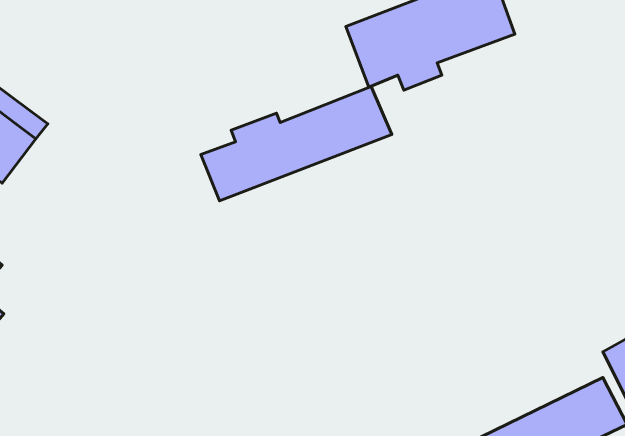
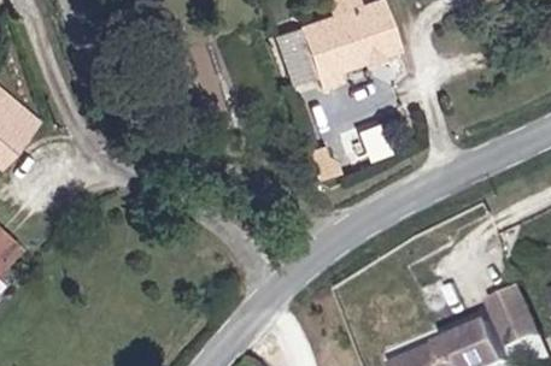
building: [201,87,392,201] -> none

